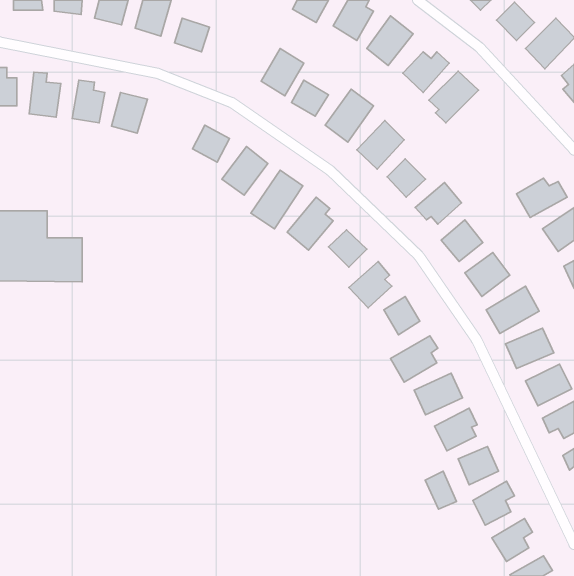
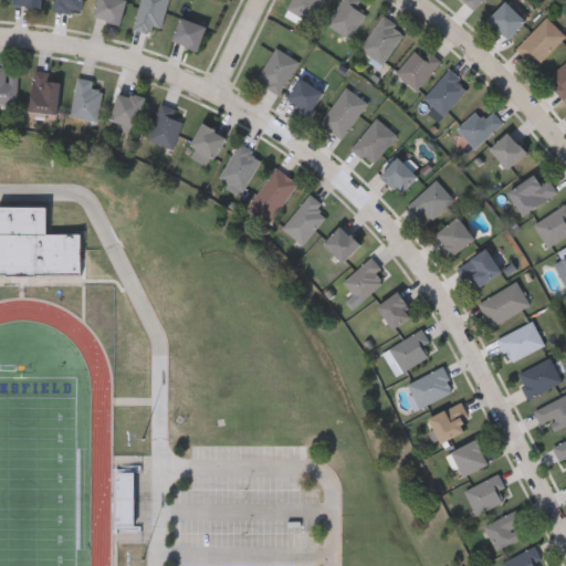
building: none -> [148,104,184,149]
building: none -> [457,111,503,148]
building: none -> [489,132,526,168]
building: [425,471,456,509] -> none

